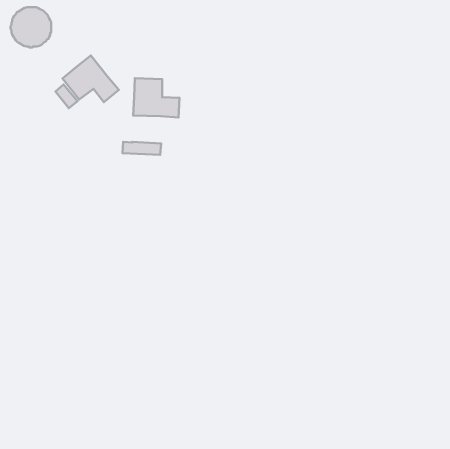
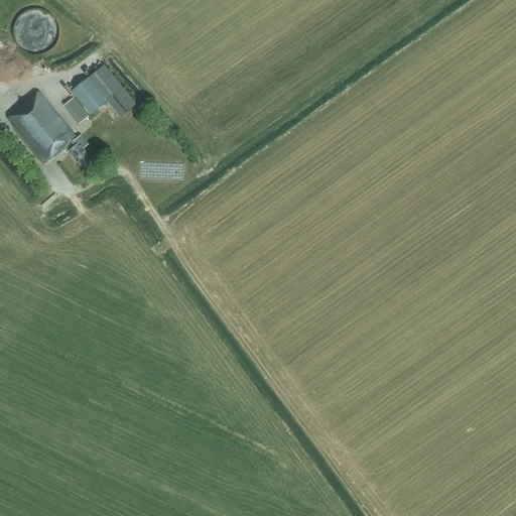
building: [133,78,179,118] -> none
building: none -> [8,92,91,166]

